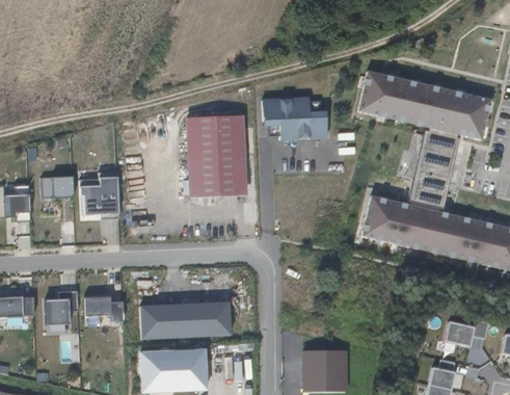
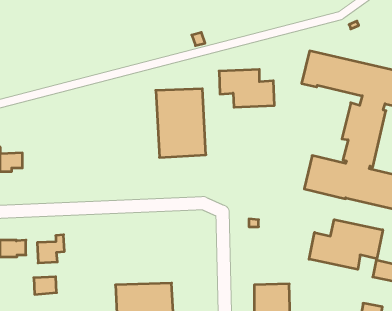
building: [43,175,73,198] -> none
building: [80,176,119,212] -> none
building: none -> [309,220,383,269]
building: [84,295,111,316] -> [34,277,57,294]
building: [139,300,231,339] -> none

